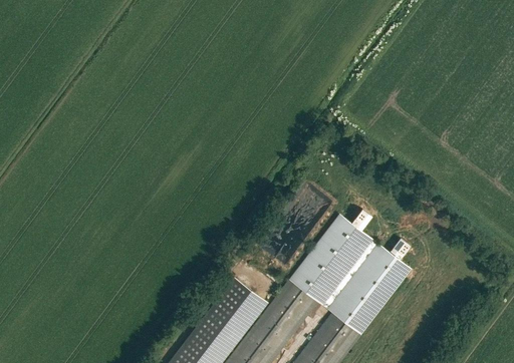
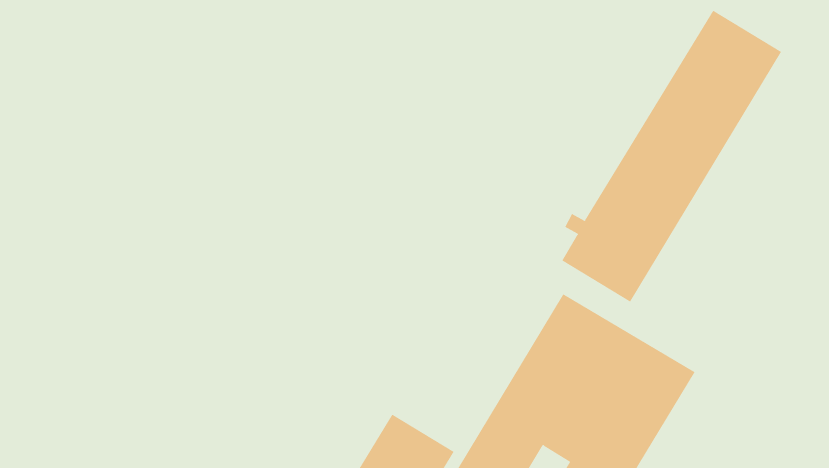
building: none -> [562,10,782,303]

